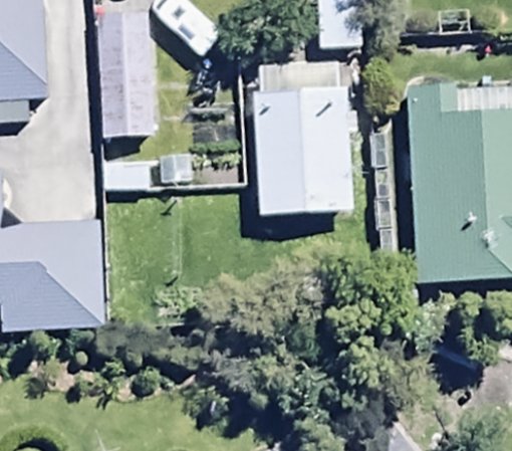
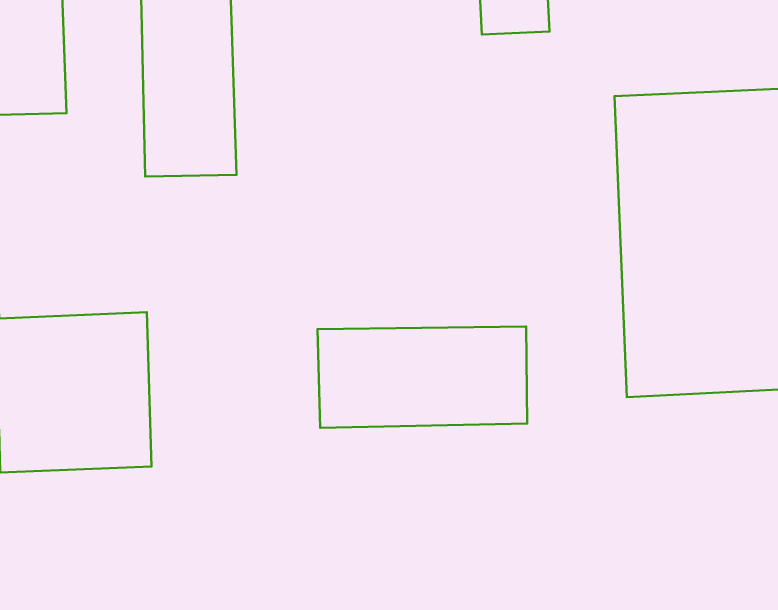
building: [252,54,350,214] -> none
building: none -> [318,326,527,428]

